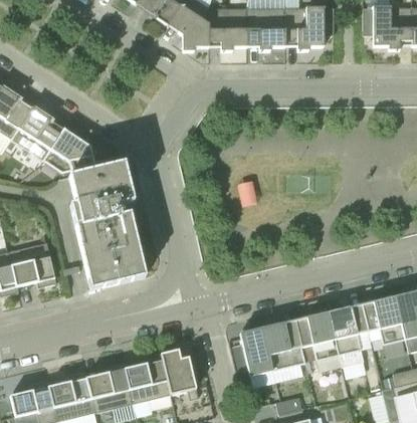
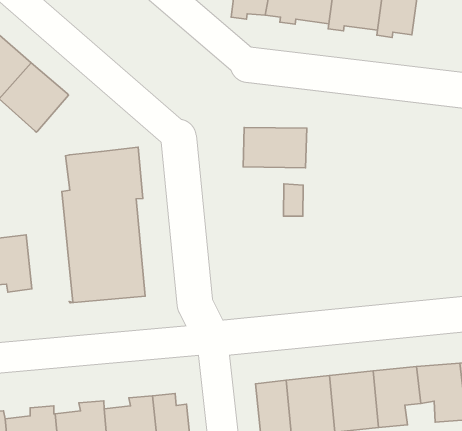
building: [44,130,95,176] -> none
building: none -> [243,127,307,168]

